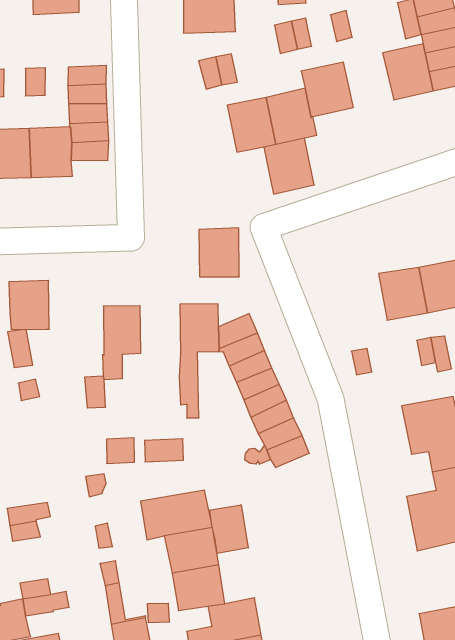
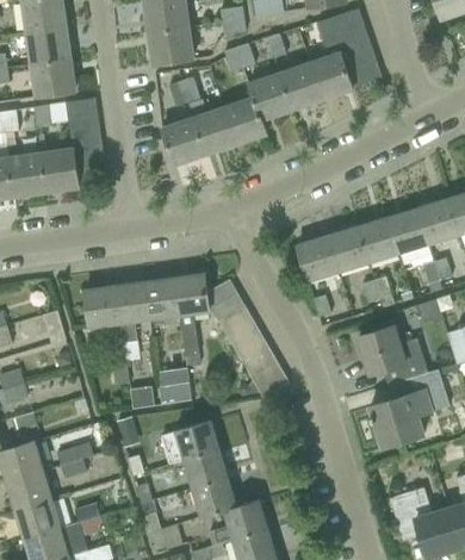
building: none -> [33,58,74,97]
building: none -> [280,63,323,108]
building: [264,138,314,194] -> [162,118,205,164]
building: [199,228,239,277] -> [143,278,179,319]
building: none -> [296,236,337,280]
building: [9,280,49,329] -> [83,286,119,328]
building: [210,505,248,553] -> none

